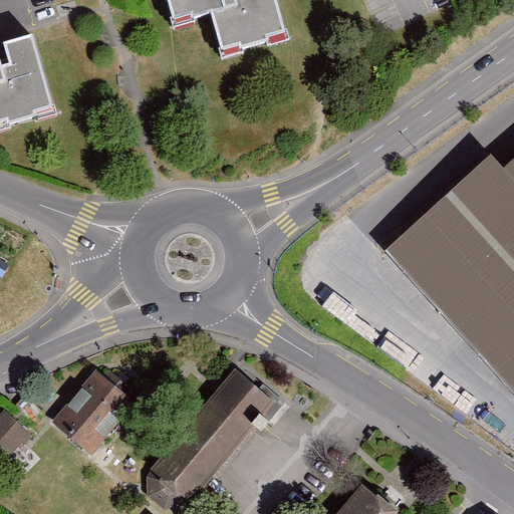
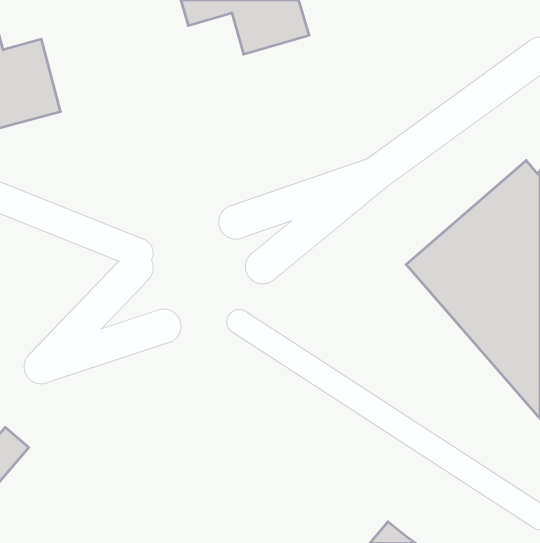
building: [47,360,139,454] -> none
building: [149,363,281,509] -> none

